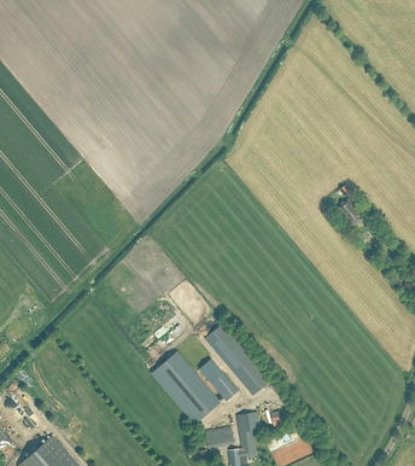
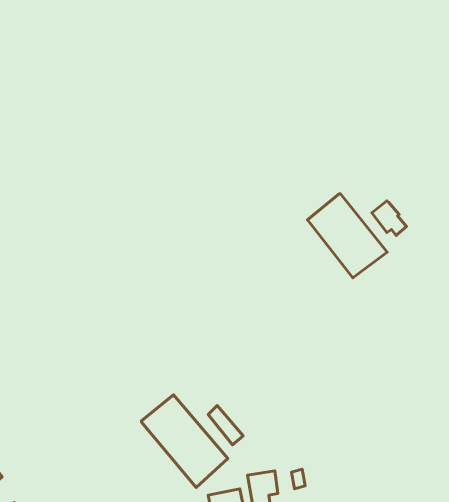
building: none -> [307,194,387,278]
building: [203,324,269,395] -> none

